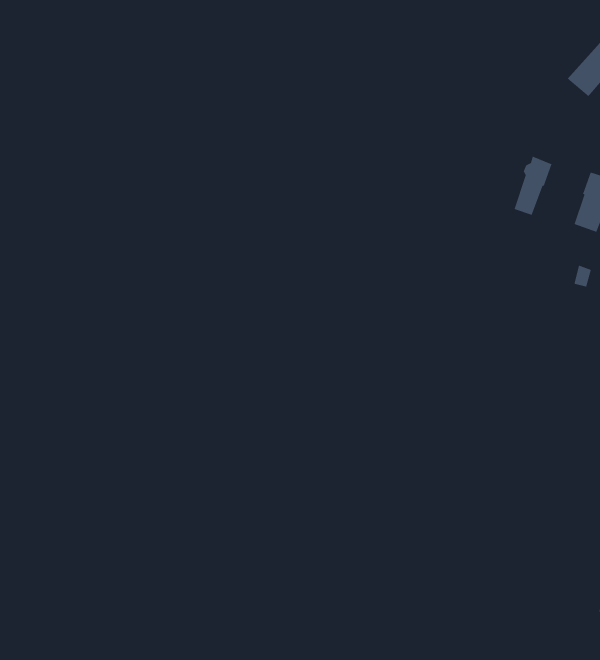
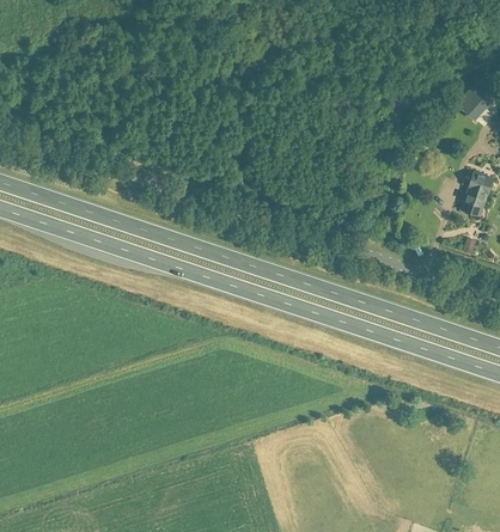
building: [514,155,553,216] -> none

